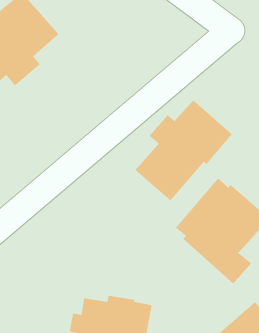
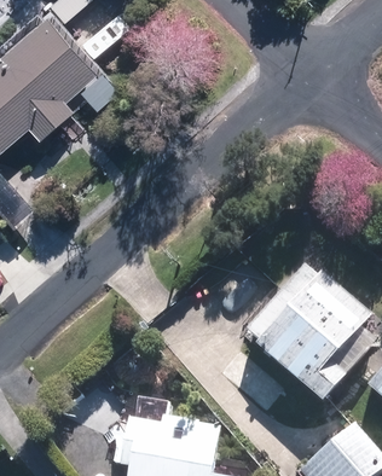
building: [135,99,233,201] -> none

